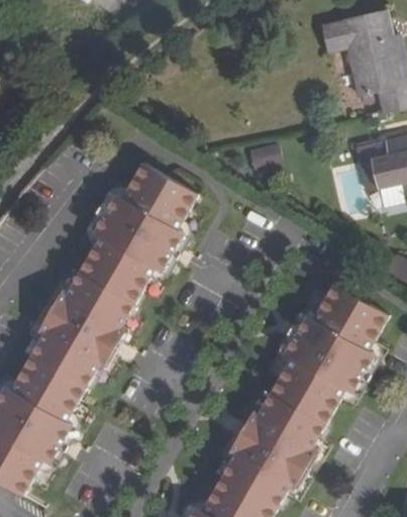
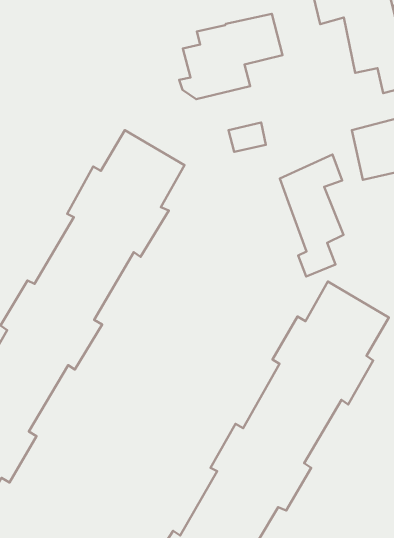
building: none -> [179,14,282,99]
building: none -> [280,155,343,276]

